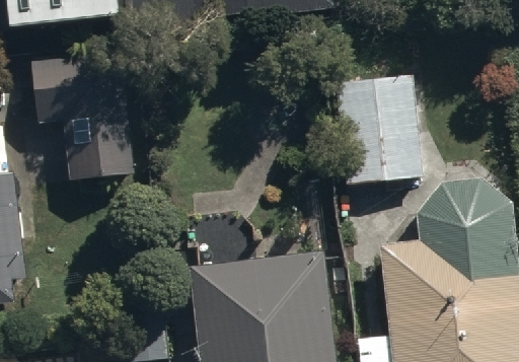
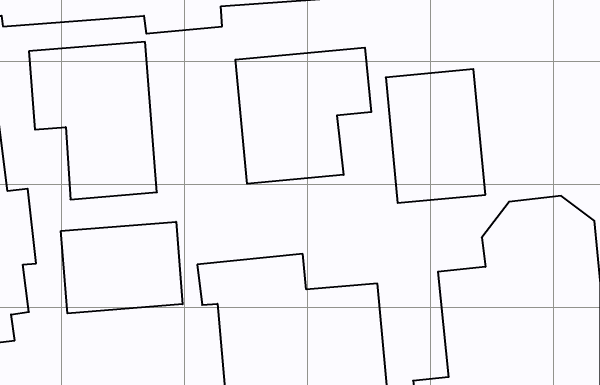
building: none -> [235,48,371,184]
building: none -> [61,222,183,313]

